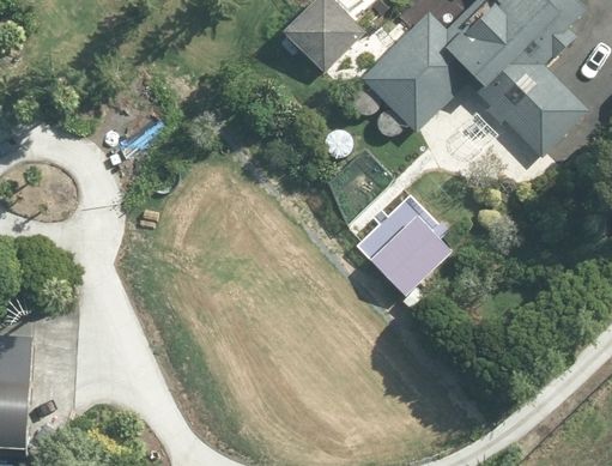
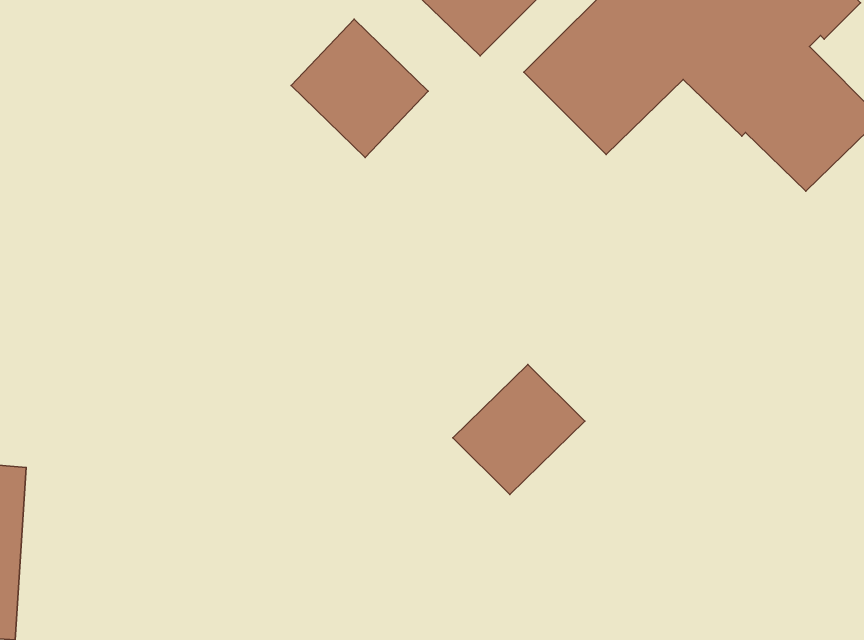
building: none -> [291,19,428,158]
building: [364,213,450,298] -> [453,365,585,495]

